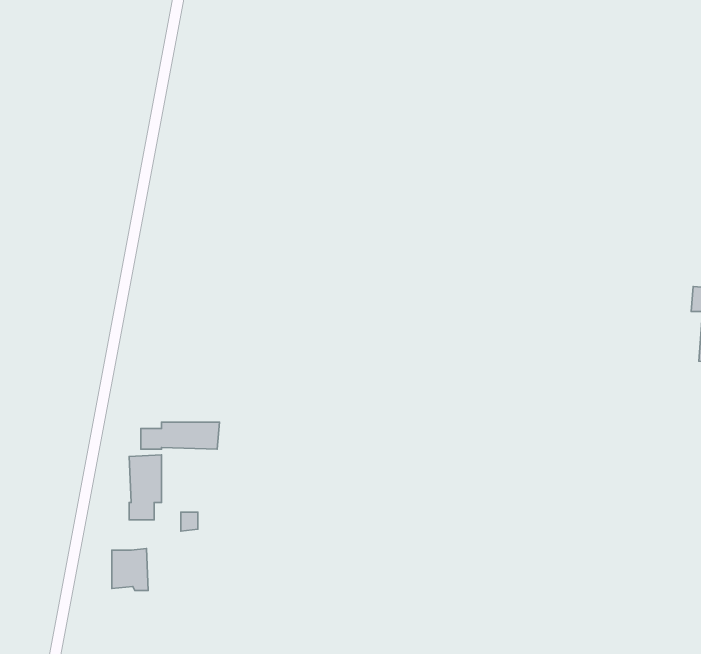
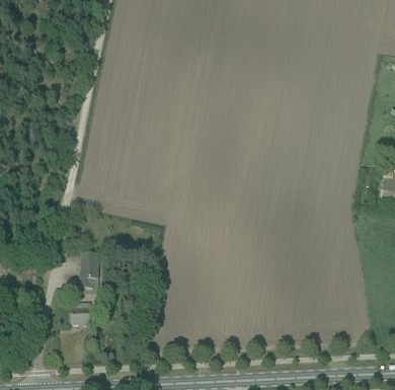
building: [141,422,219,449] -> none

